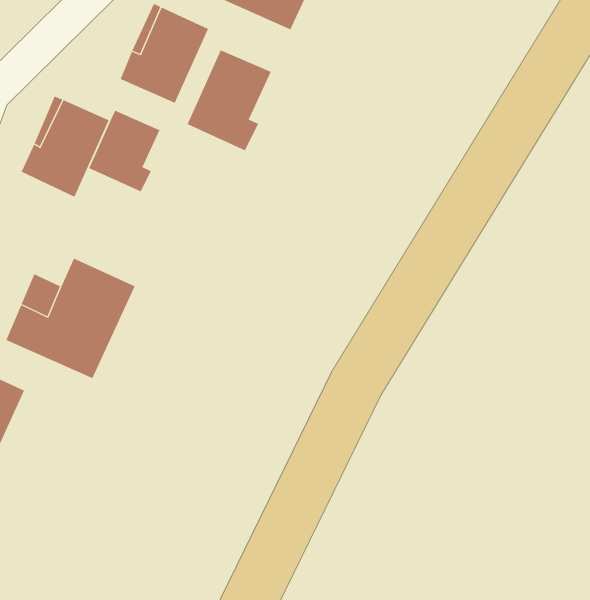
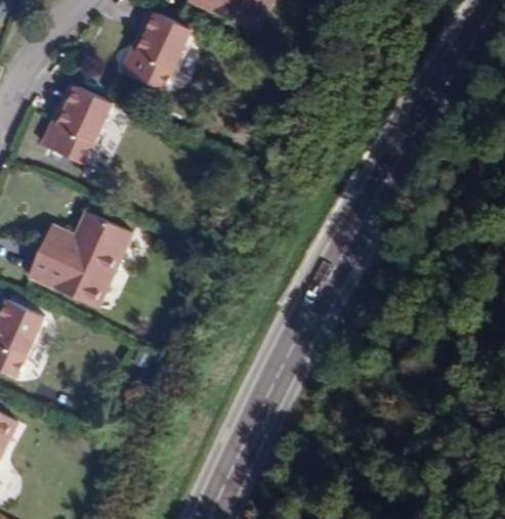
building: [187,49,271,151] -> none
building: [88,110,160,192] -> none

